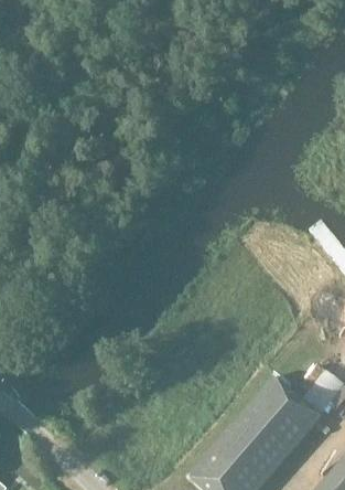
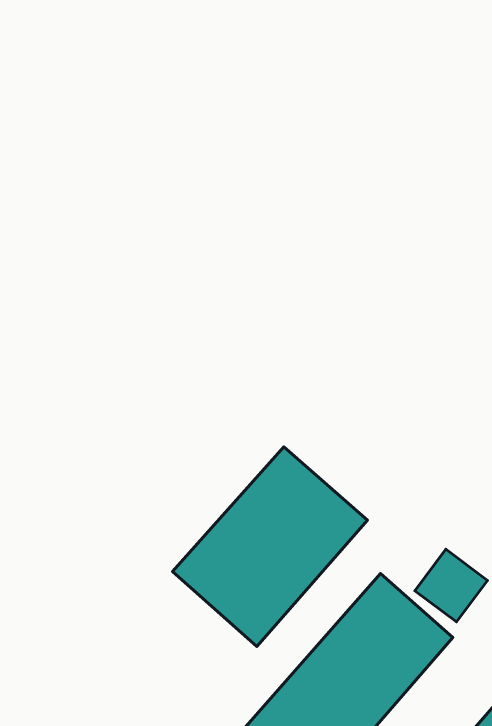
building: none -> [173,447,368,646]

